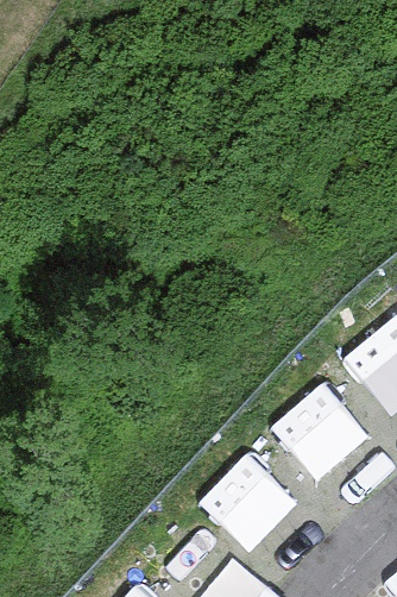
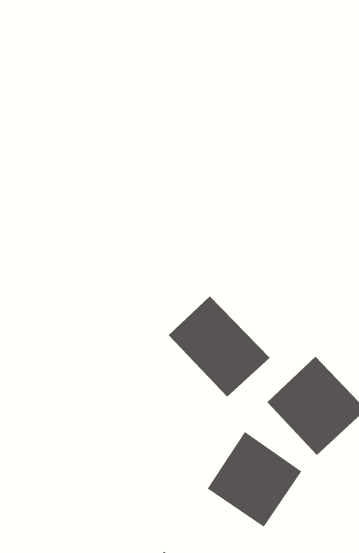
building: none -> [168,296,270,397]

